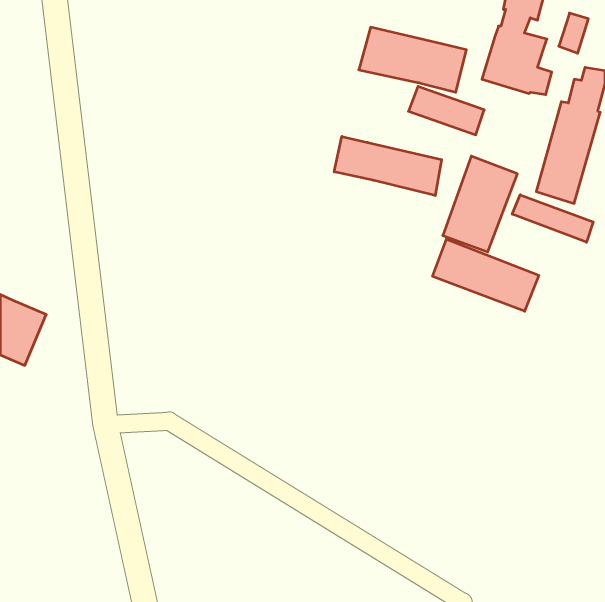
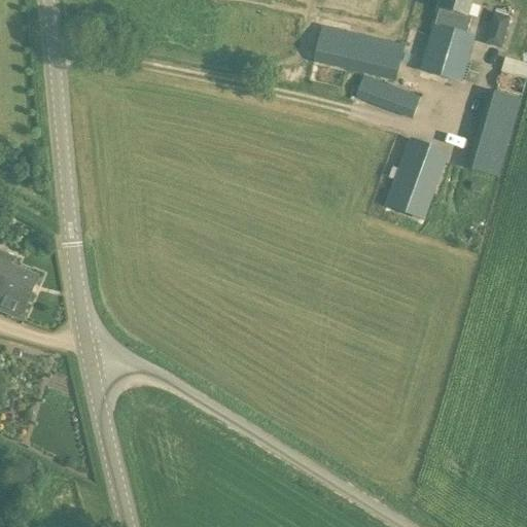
building: [334,136,442,196] -> none
building: [512,195,593,242] -> none
building: [433,239,539,311] -> none

